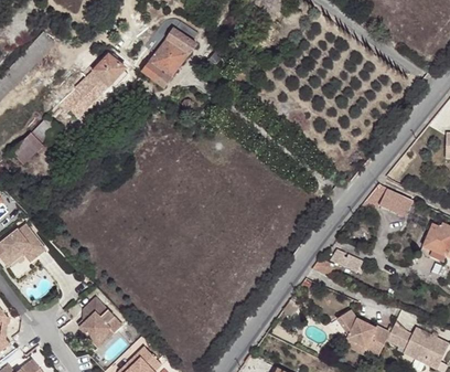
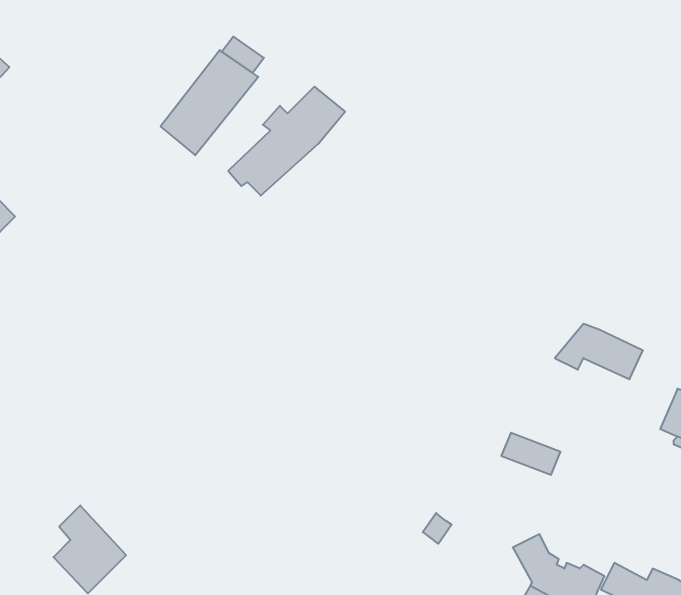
building: [58,54,126,117] -> [228,87,345,196]

